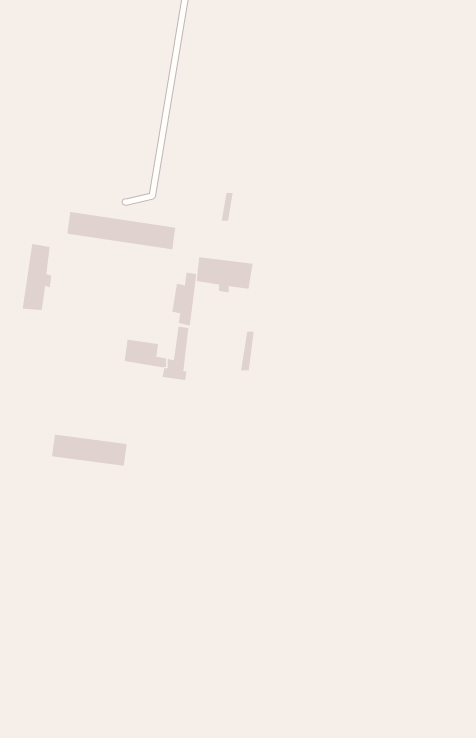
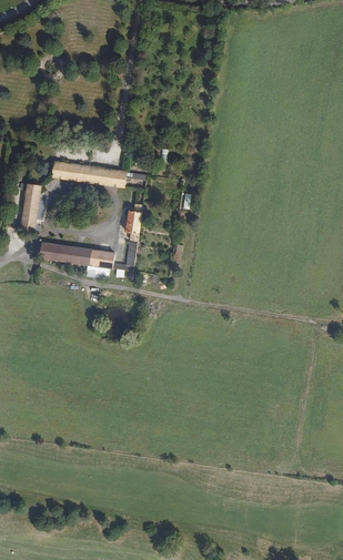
building: [196,256,253,293] -> none
building: [51,434,128,466] -> [40,243,93,265]

